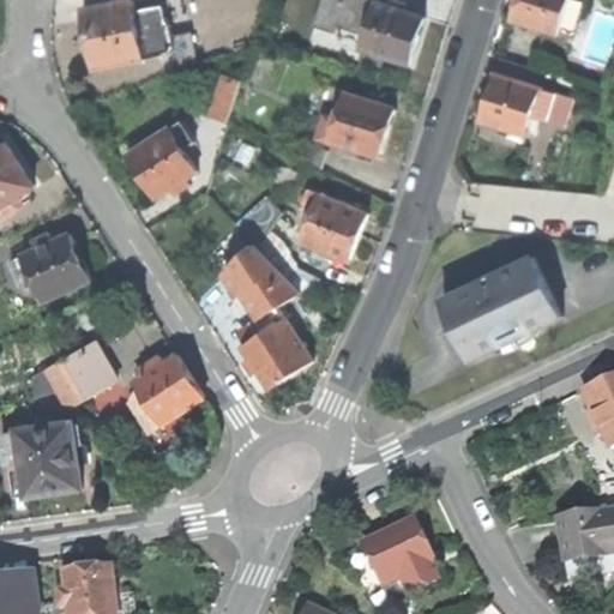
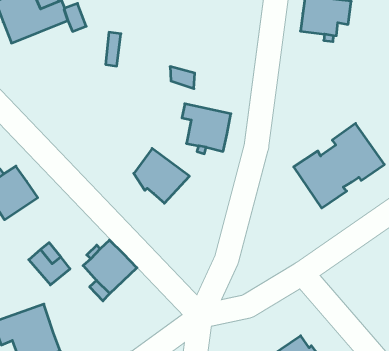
building: [314,92,393,158] -> none
building: [125,119,197,198] -> none
building: [242,307,311,386] -> none
building: [26,360,85,408] -> none

